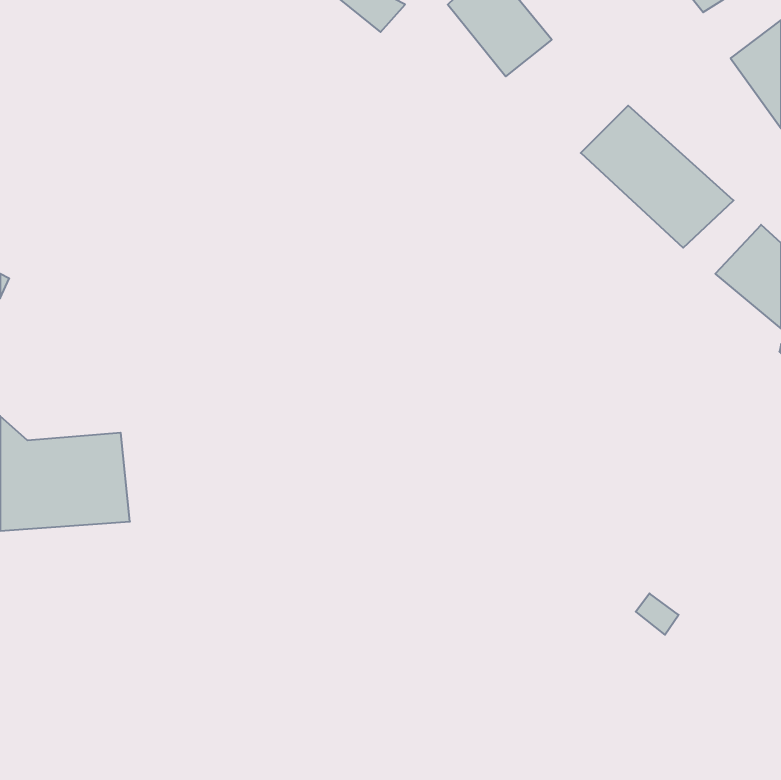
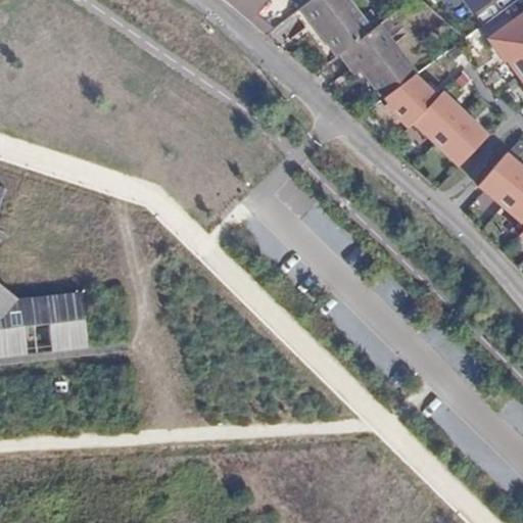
building: none -> [343,23,414,97]

